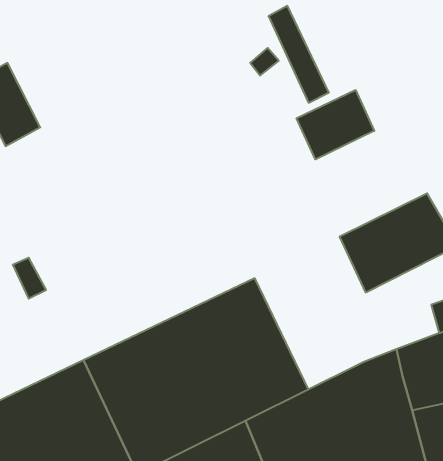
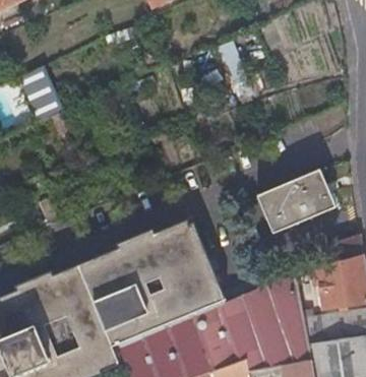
building: [297,90,374,159] -> none

